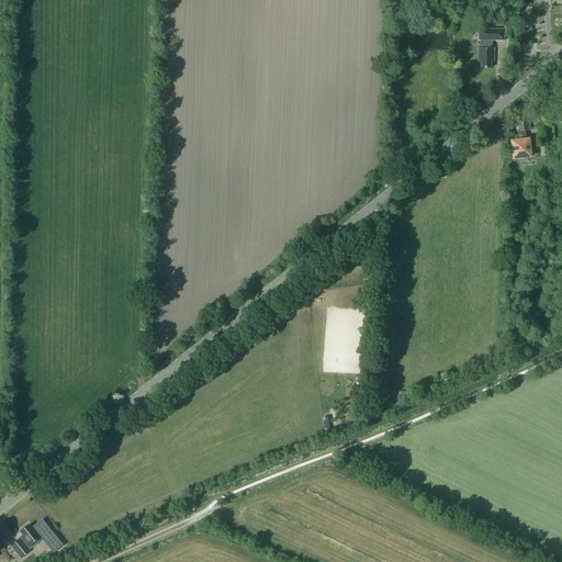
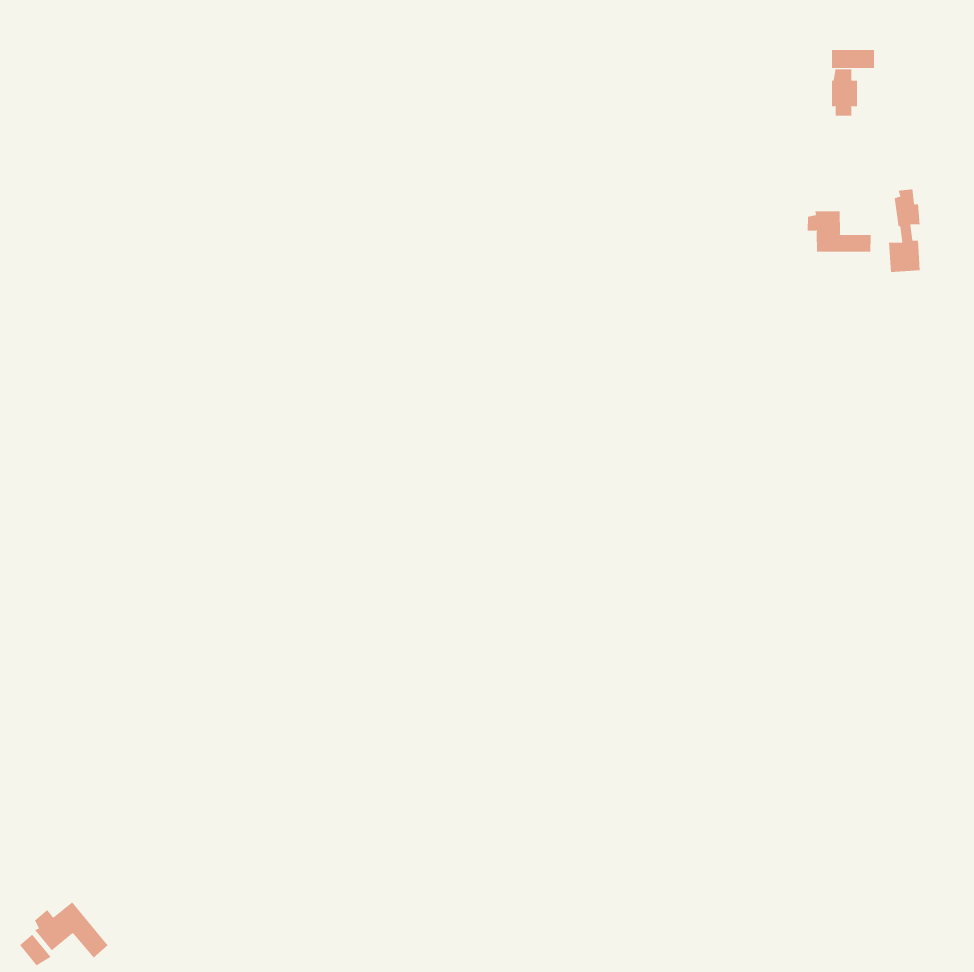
building: none -> [807,211,871,252]

